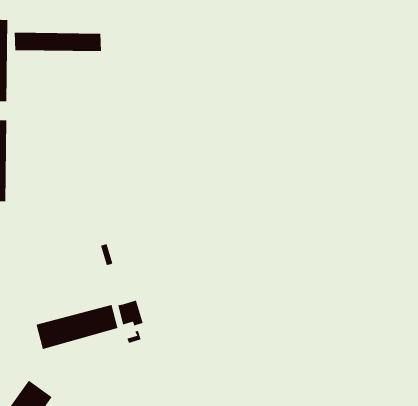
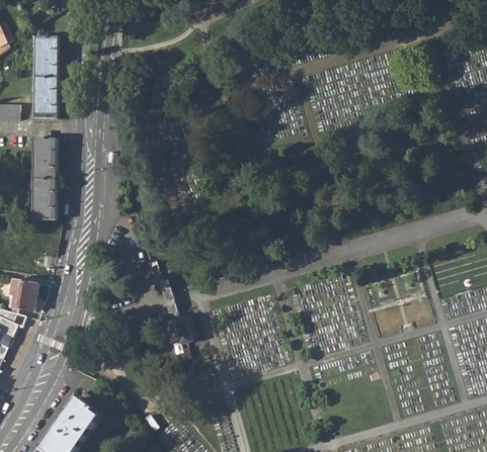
building: [14,32,101,52] -> none
building: [36,304,118,350] -> none

